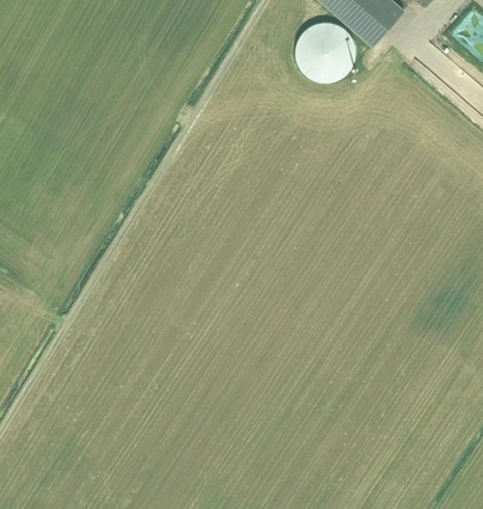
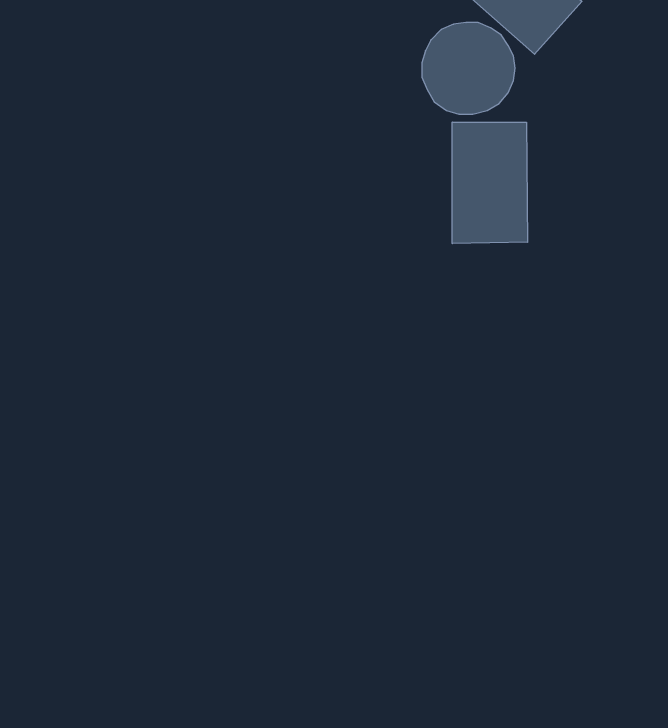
building: none -> [452,122,528,244]

